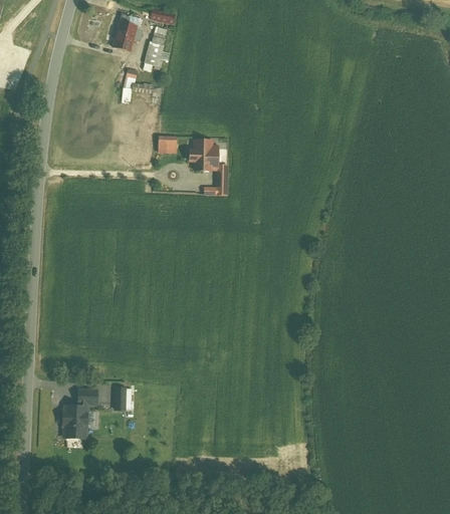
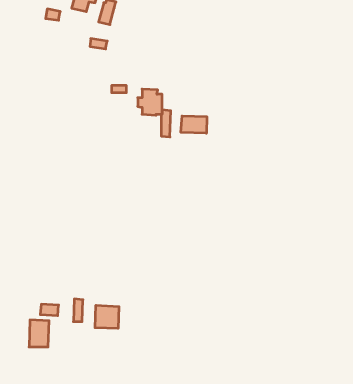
building: none -> [181,116,207,133]
building: none -> [95,305,119,328]

